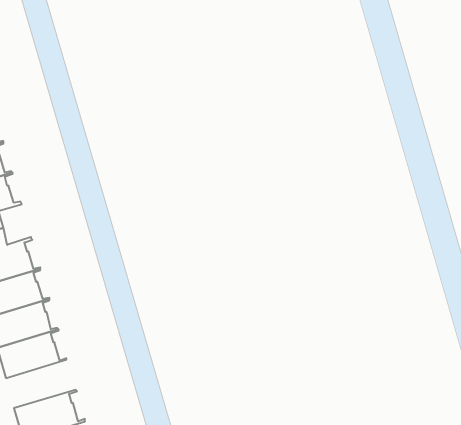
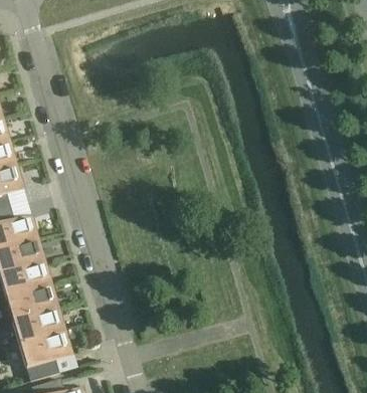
building: none -> [10,308,63,345]

